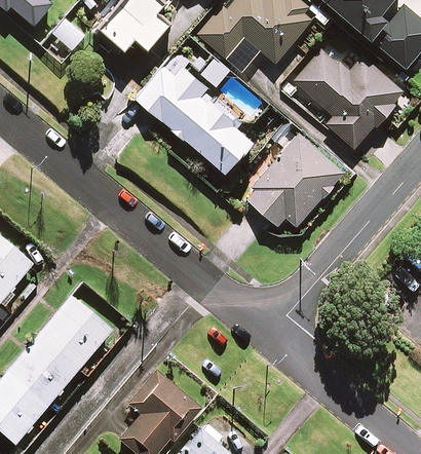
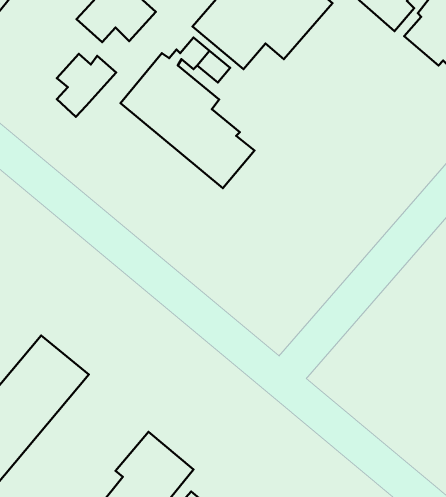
building: [295,49,404,147] -> none
building: none -> [57,54,116,117]
building: [244,133,343,225] -> none

